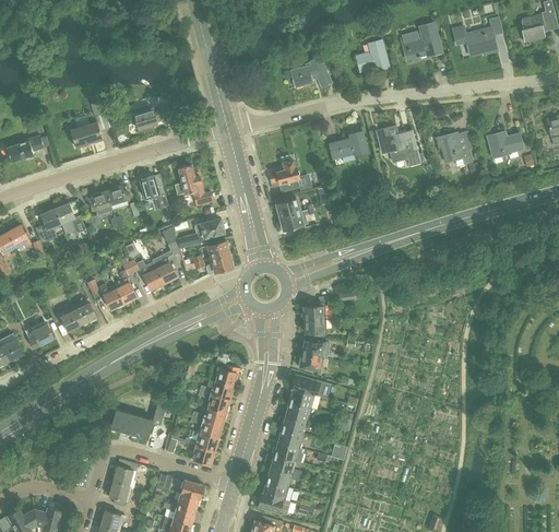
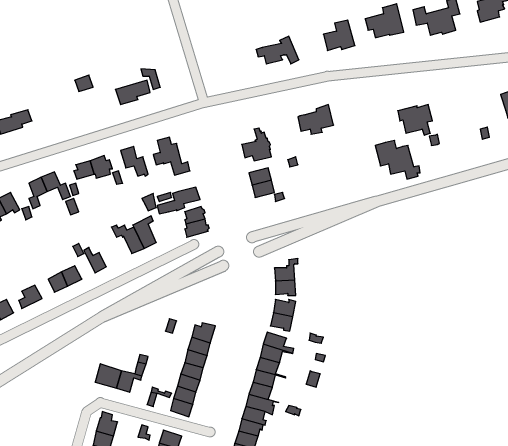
building: [69,121,102,146] -> none
building: [376,125,424,166] -> [375,140,420,179]
building: [487,131,523,163] -> none
building: [116,261,138,304] -> none

